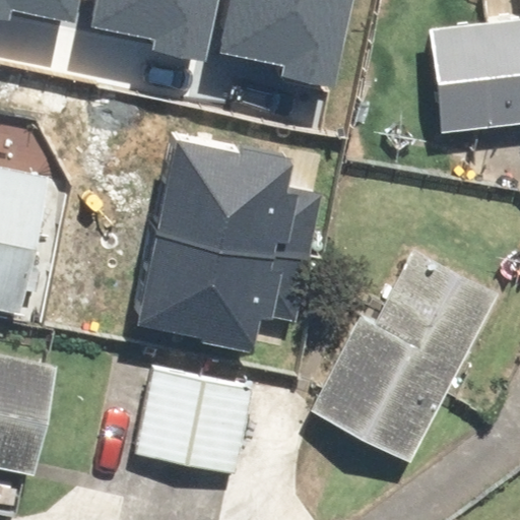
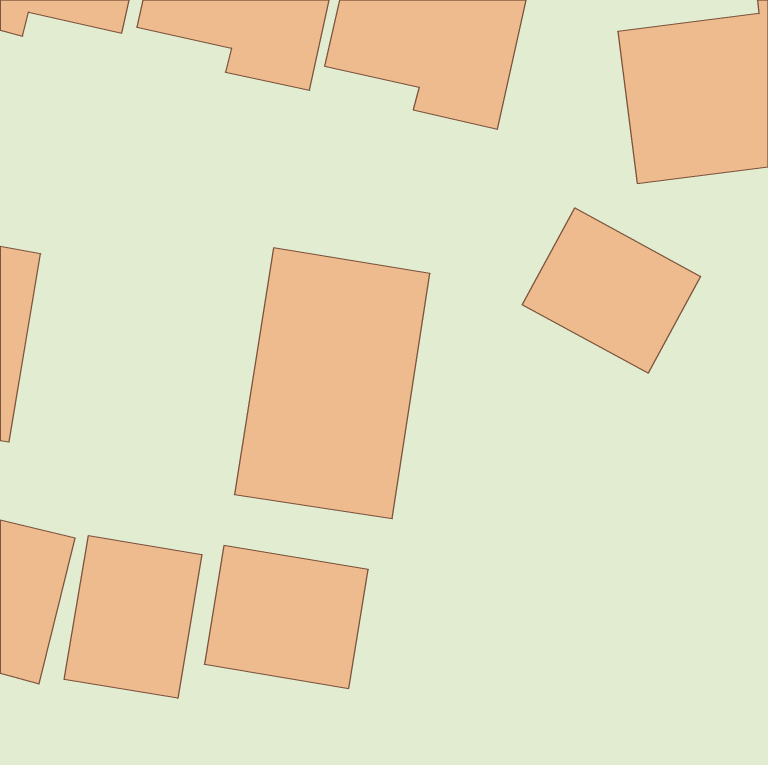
building: none -> [522,208,701,373]
building: [324,252,489,444] -> none
building: none -> [64,536,202,698]

